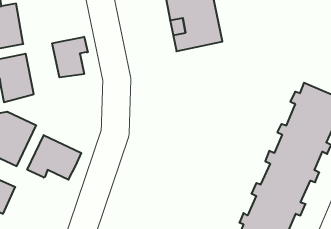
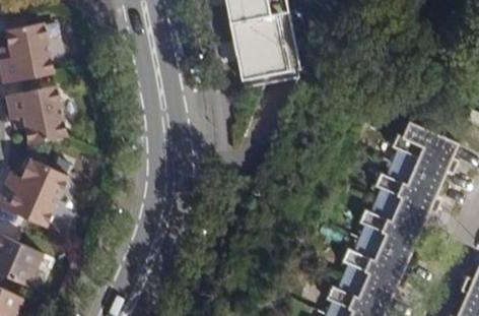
building: [52,37,88,77] -> none
building: [27,135,81,180] -> none

